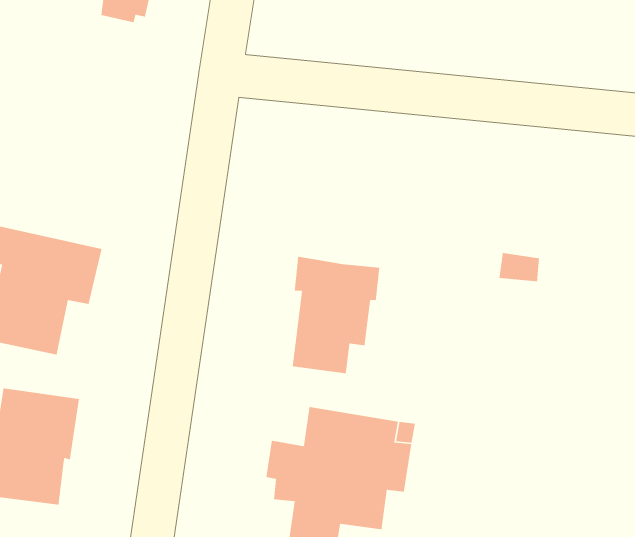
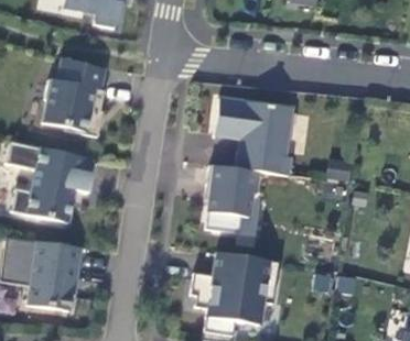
building: none -> [42,59,106,136]
building: none -> [214,97,292,175]

